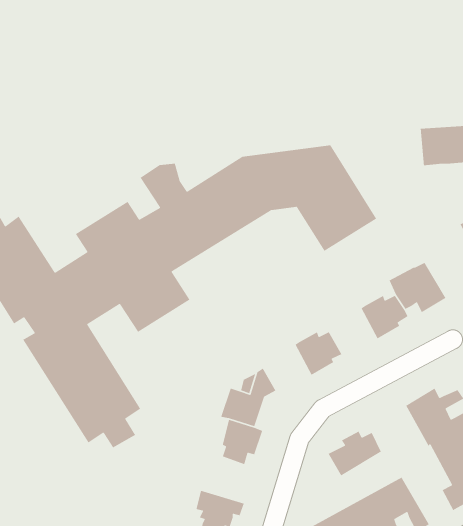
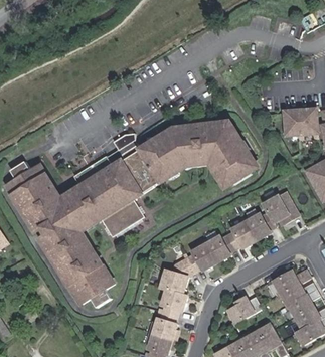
building: none -> [227,221,257,249]
building: none -> [187,243,216,272]
building: none -> [149,312,178,340]

